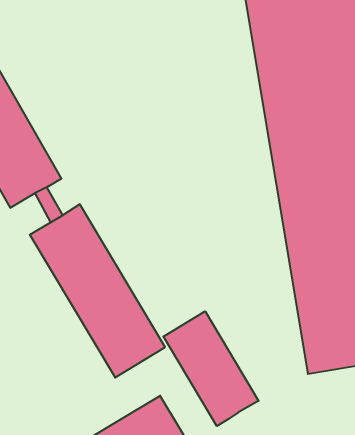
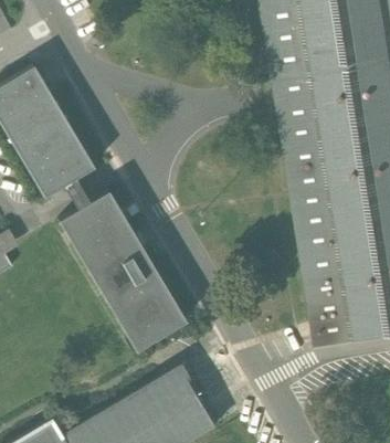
building: [163,311,259,426] -> none

